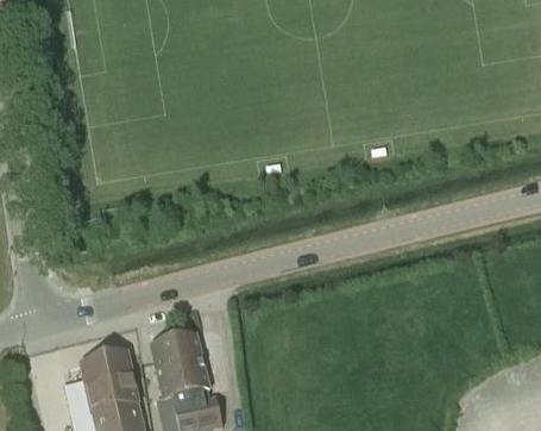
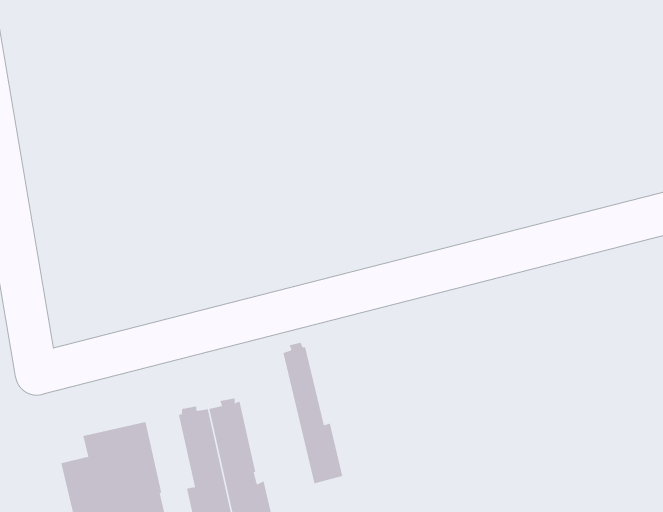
building: none -> [283,342,343,484]

